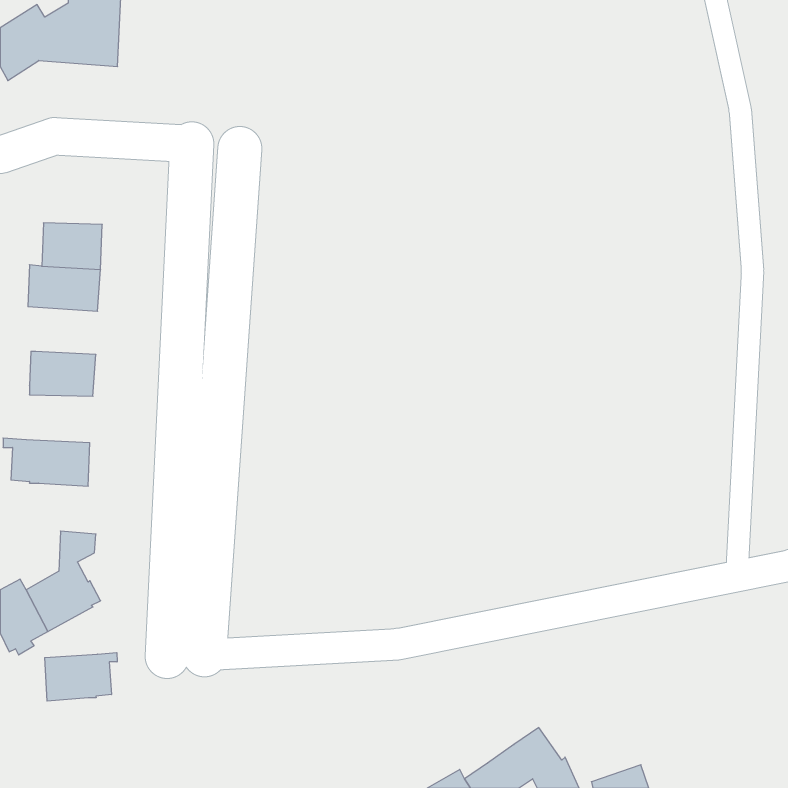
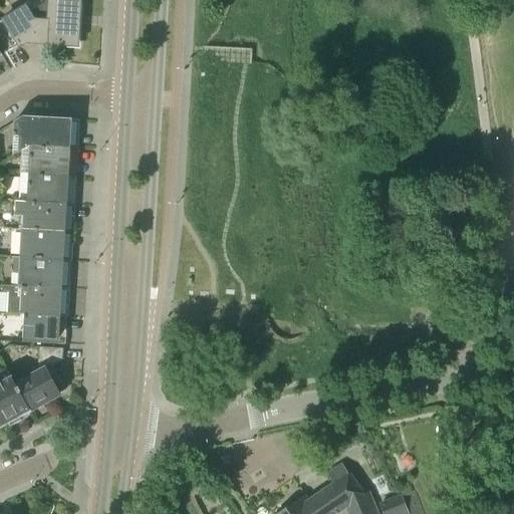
building: none -> [15,115,70,151]
building: none -> [15,199,65,230]
building: none -> [19,256,62,287]
building: none -> [25,313,59,343]
building: [45,653,117,701] -> none

